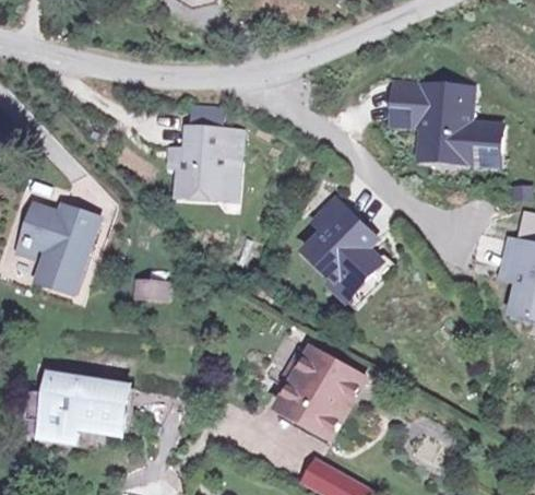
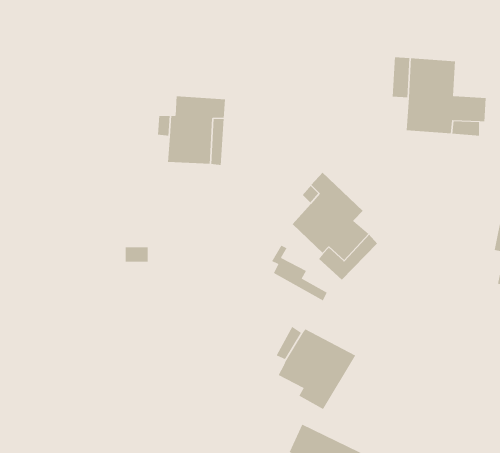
building: [13,199,90,287] -> none
building: [46,380,134,456] -> none
building: [276,390,333,447] -> [271,245,328,301]

